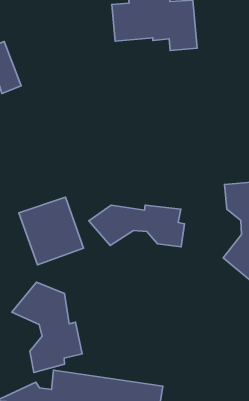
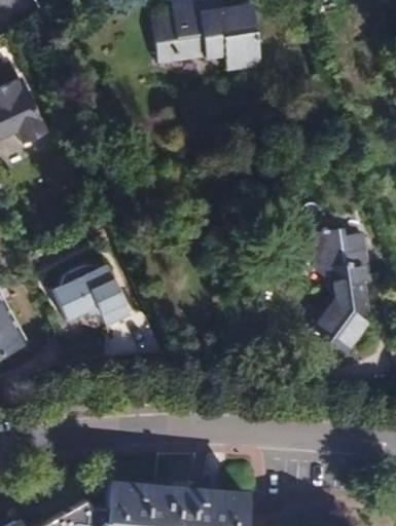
building: [89,205,184,247] -> none
building: [12,282,82,373] -> none

